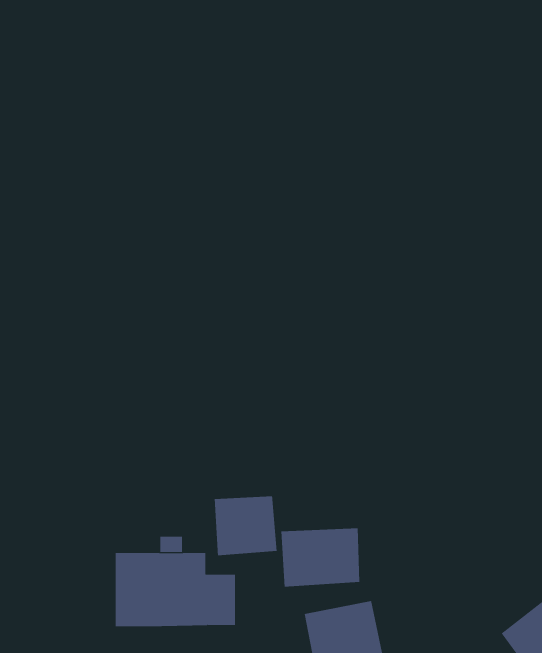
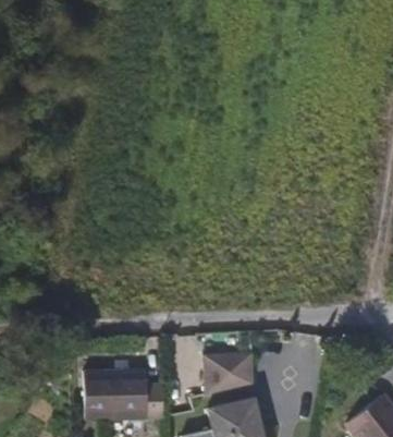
building: [214,496,277,556] -> none

